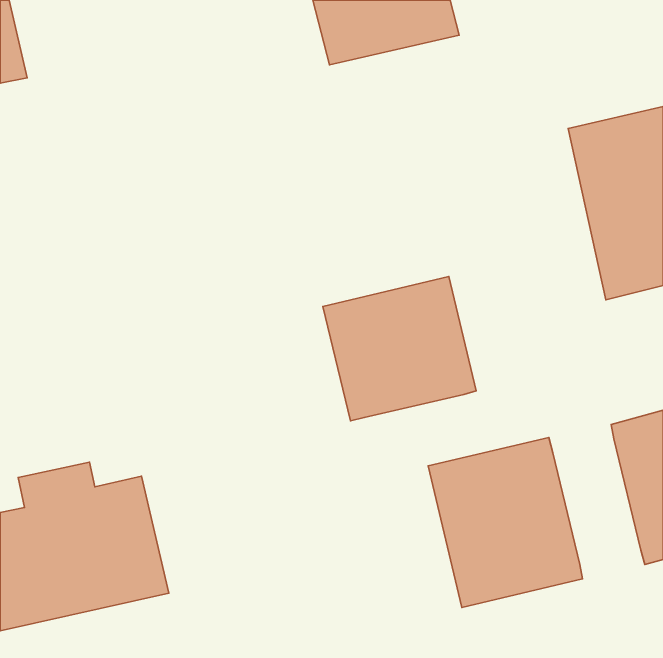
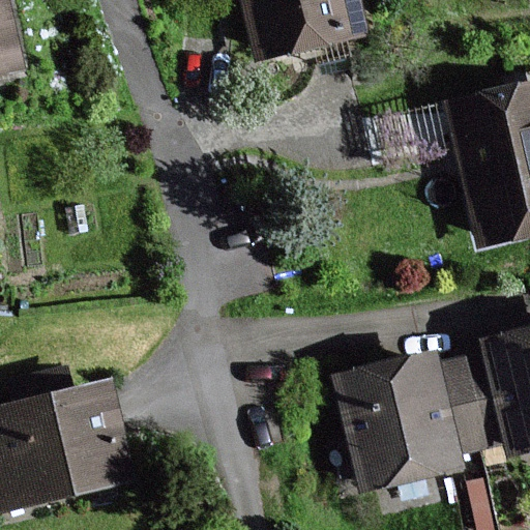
building: [323,276,476,421] -> none
building: none -> [441,354,511,454]

